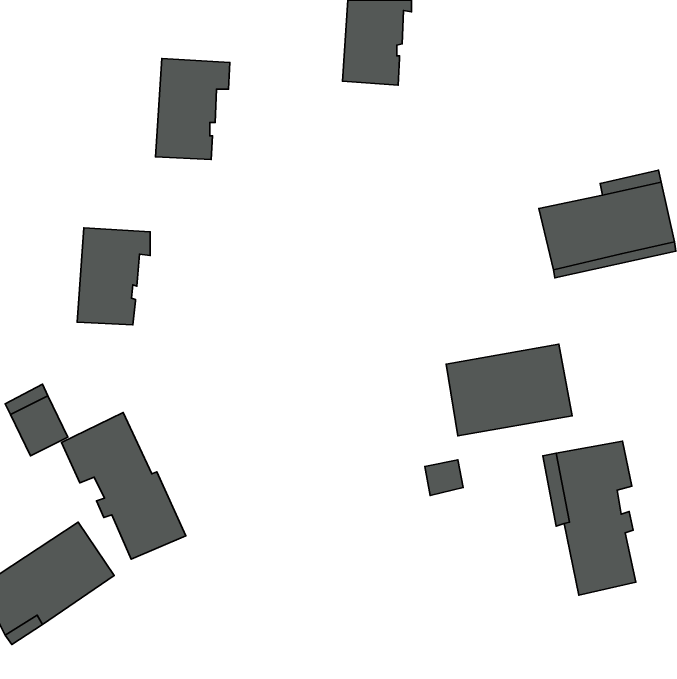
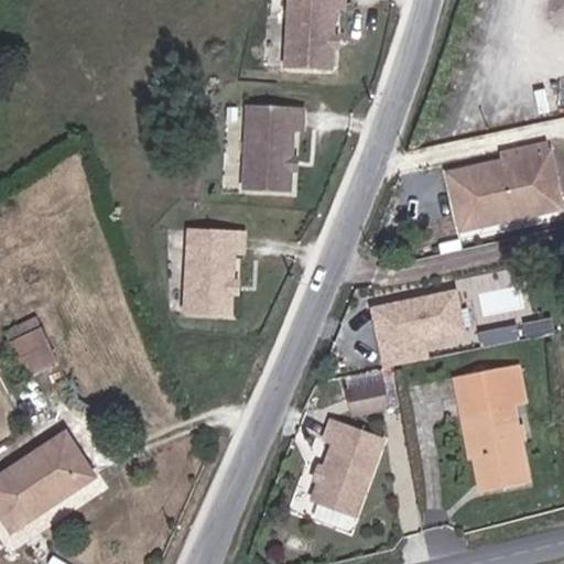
building: [155,59,230,160] -> [241,105,303,188]
building: [77,228,150,325] -> [184,229,245,310]
building: [62,413,186,559] -> none
building: none -> [315,419,381,513]

